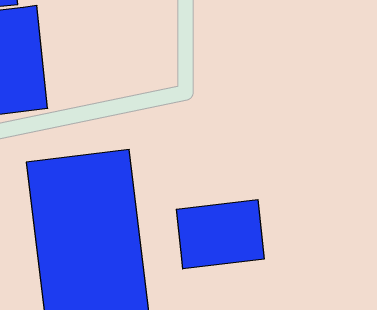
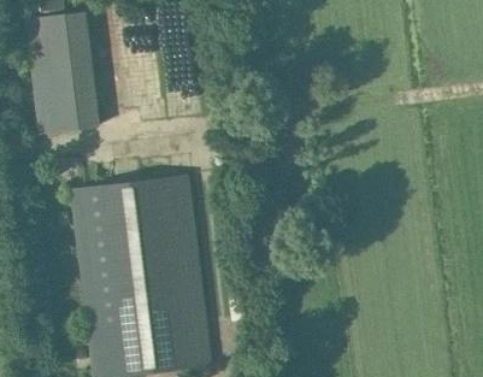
building: [176,200,264,269] -> none

